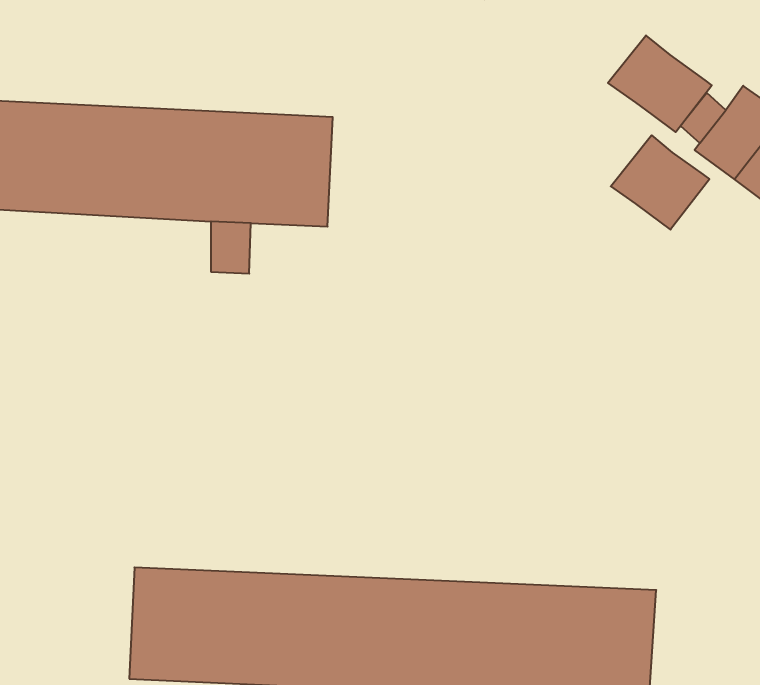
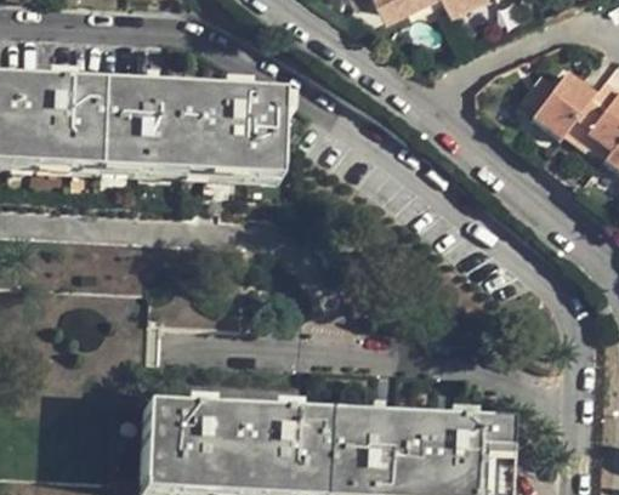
building: [608,35,712,132] -> none
building: [611,135,709,230] -> none

